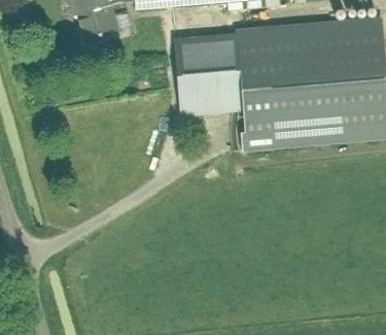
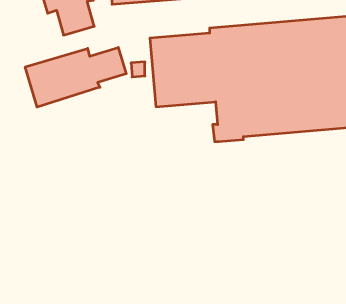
building: none -> [25,47,126,107]

